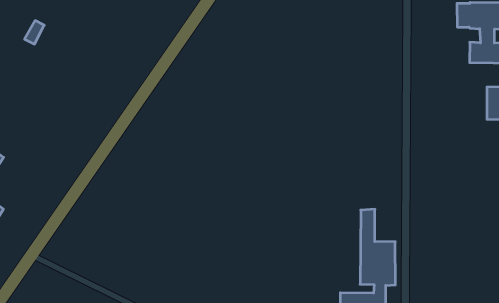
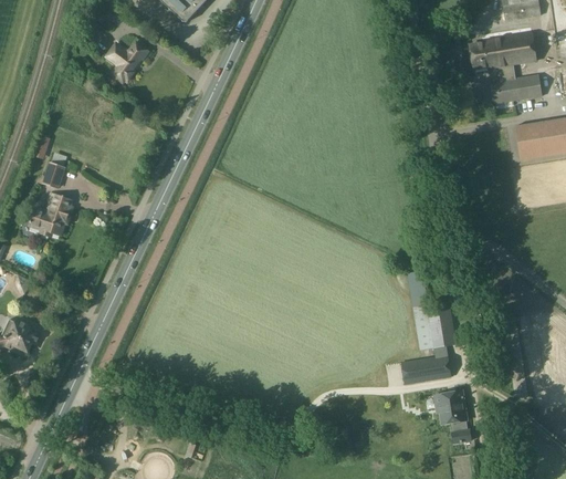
building: none -> [42,153,65,189]
building: none -> [27,195,72,236]

